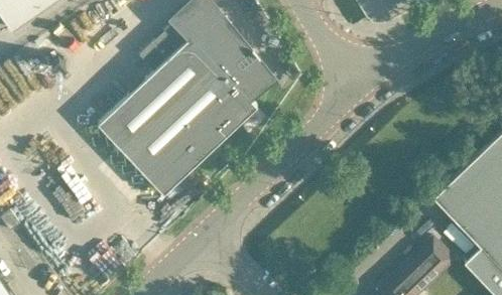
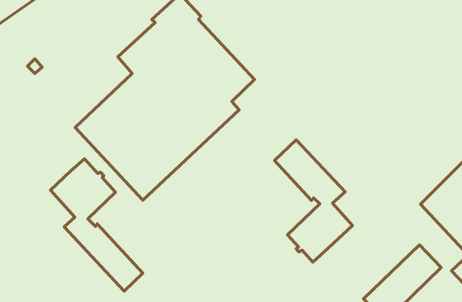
building: none -> [274,140,352,262]
building: none -> [50,159,143,291]

